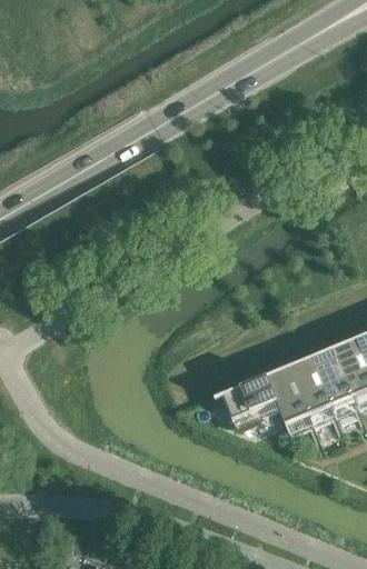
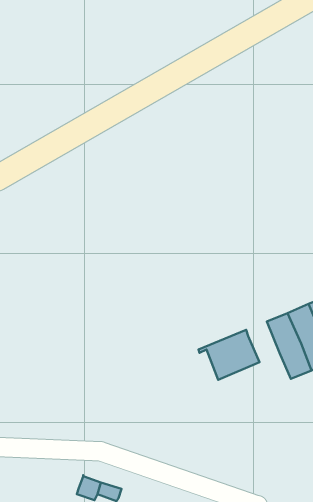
building: [266,365,314,435] -> none

